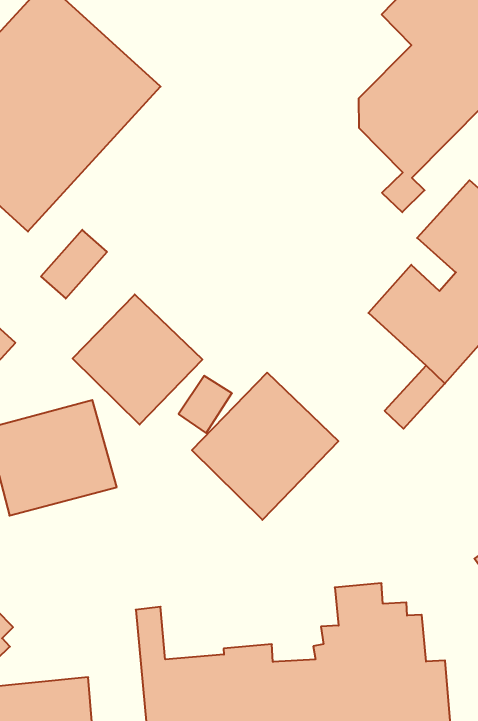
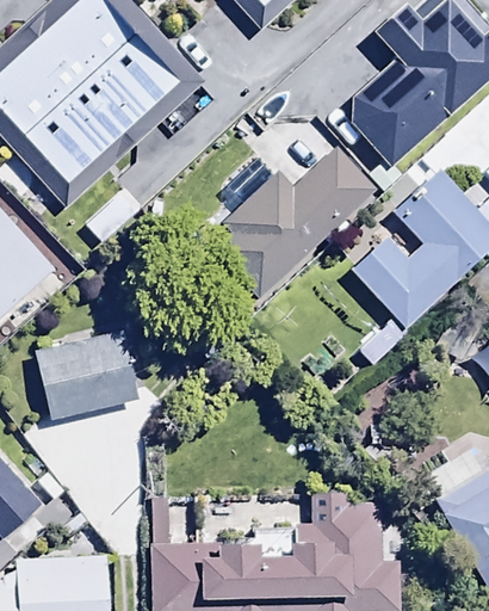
building: none -> [212,146,376,300]
building: [73,294,202,425] -> none
building: [192,373,338,520] -> none

